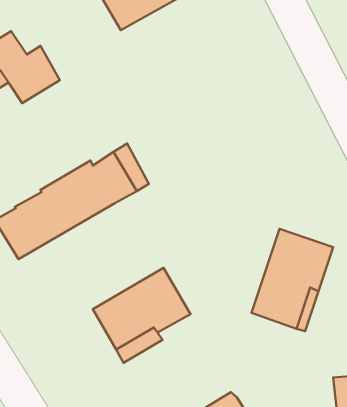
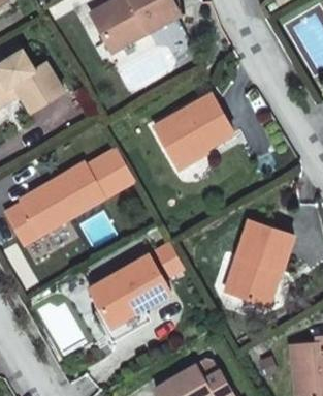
building: none -> [155,93,234,165]

